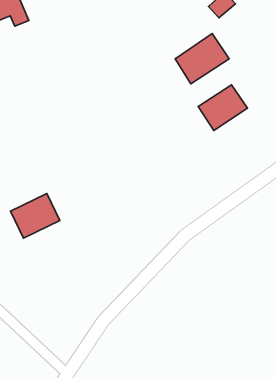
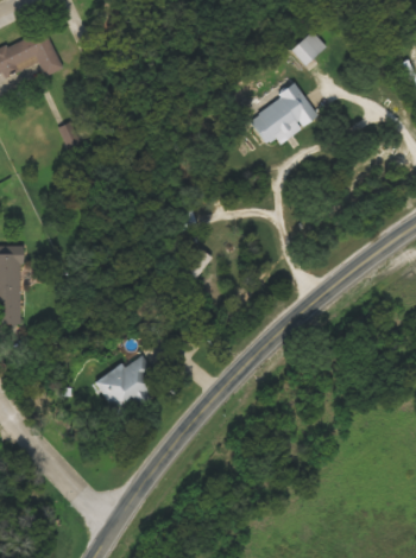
building: [198,85,247,130] -> none
building: [11,193,60,238] -> [99,356,162,413]

